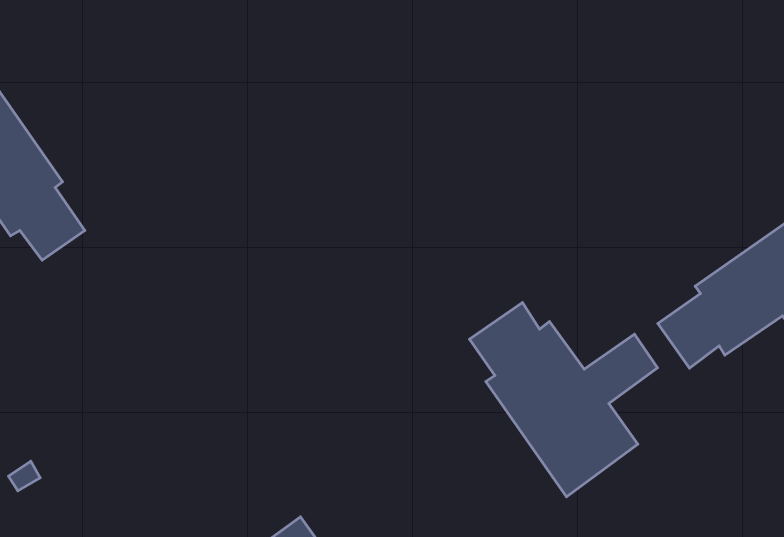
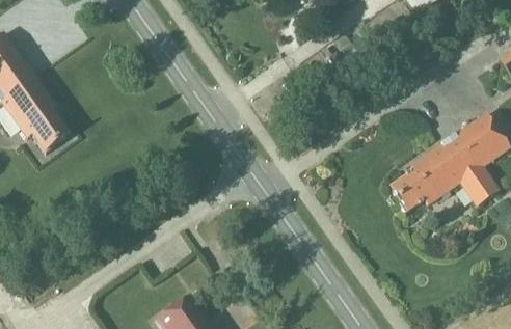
building: [470,303,657,497] -> none

